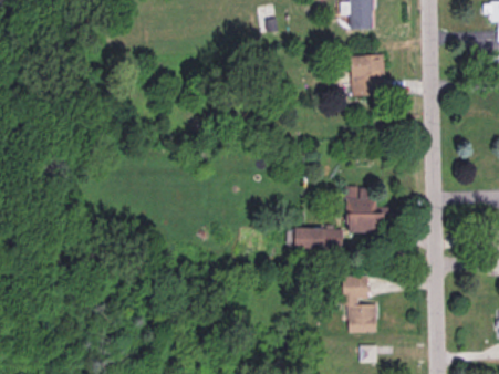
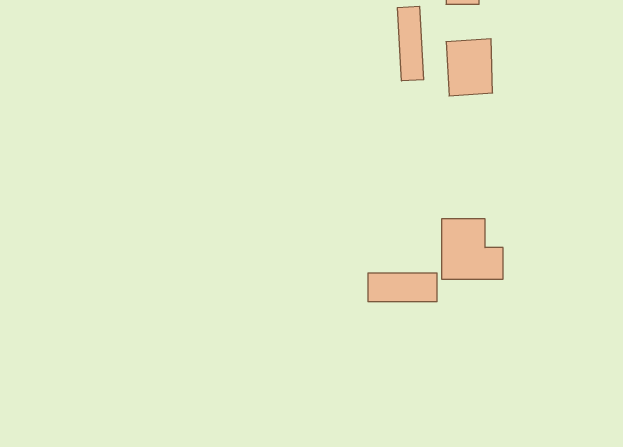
building: none -> [397,6,424,81]
building: [344,276,376,333] -> none

